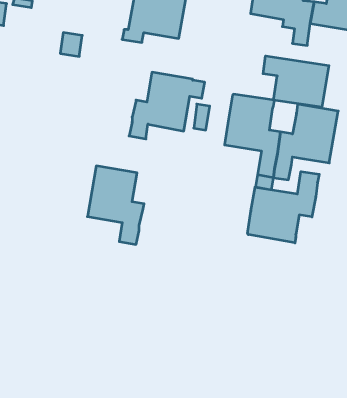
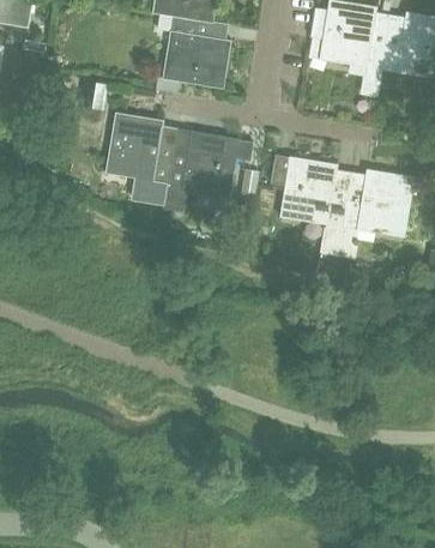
building: [263,56,329,107] -> none
building: [87,166,144,244] -> [104,110,173,205]
building: [248,172,319,243] -> none

